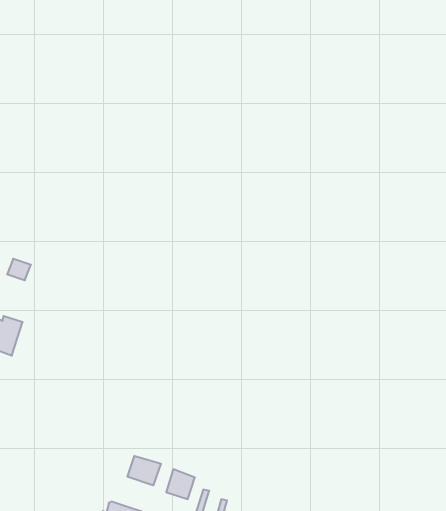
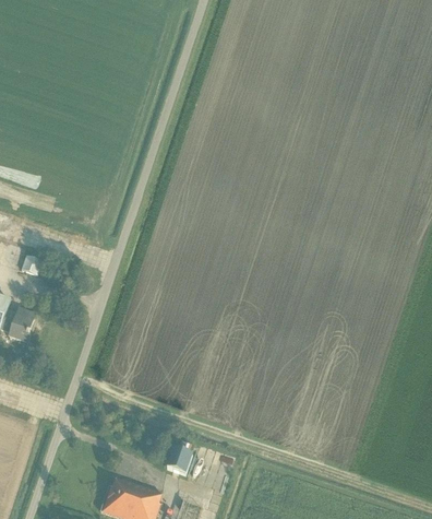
building: [127,456,161,485] -> none

